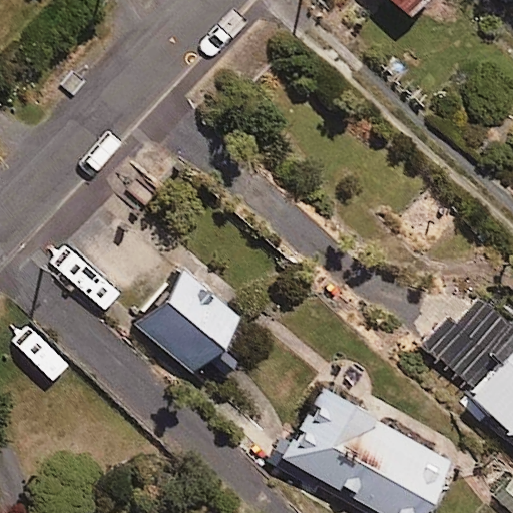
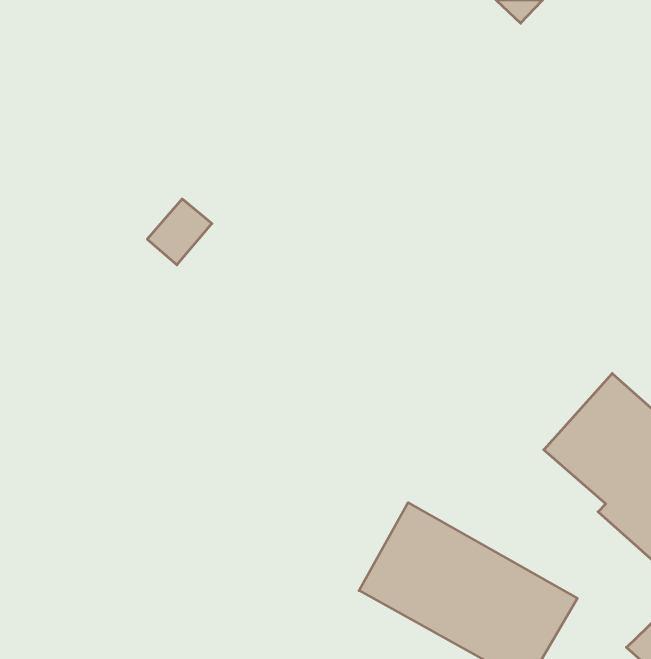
building: [141,275,242,375] -> none

